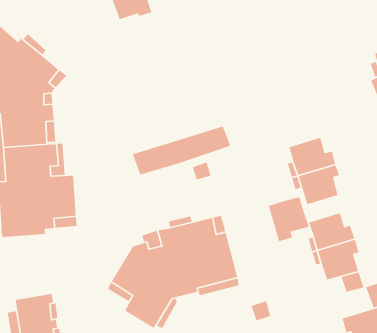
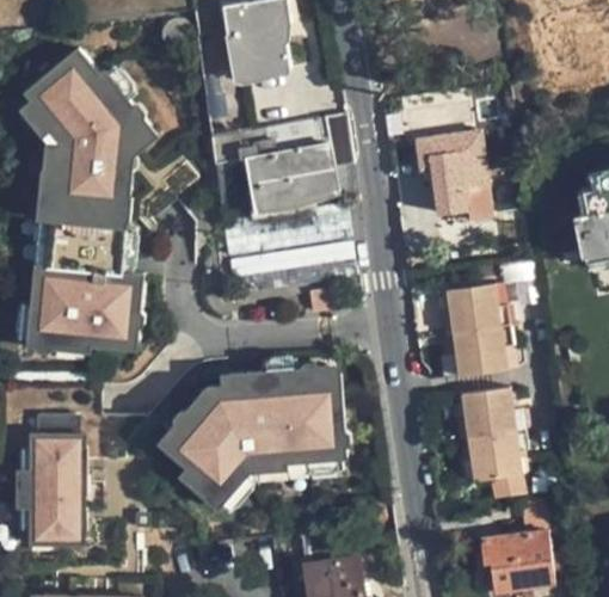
building: none -> [417,133,492,217]
building: none -> [211,112,351,205]
building: none -> [220,202,361,253]
building: [268,196,310,242] -> none

